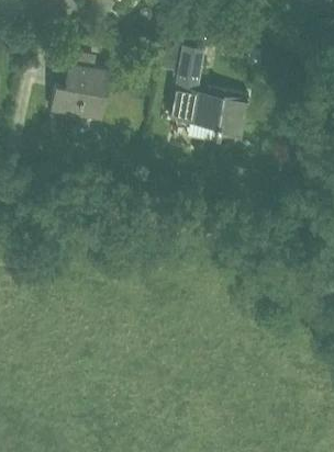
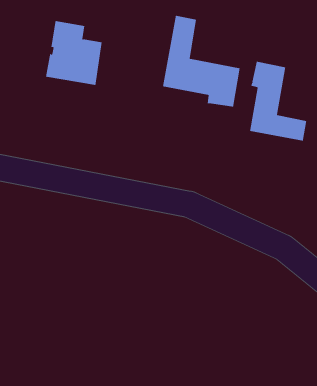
building: none -> [249,61,307,141]

